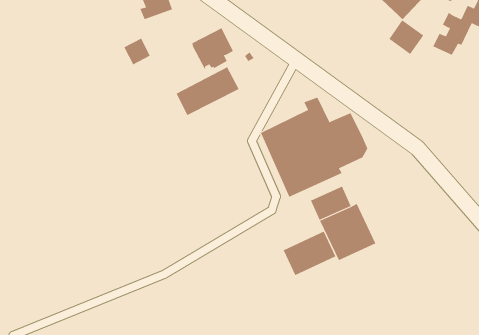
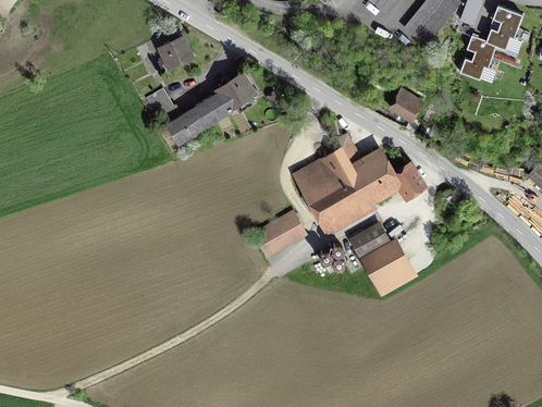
building: [388,20,424,55] -> [387,88,423,123]
building: [176,67,240,116] -> [164,92,229,146]
building: none -> [395,160,428,201]
building: [283,231,336,276] -> [252,210,307,258]

